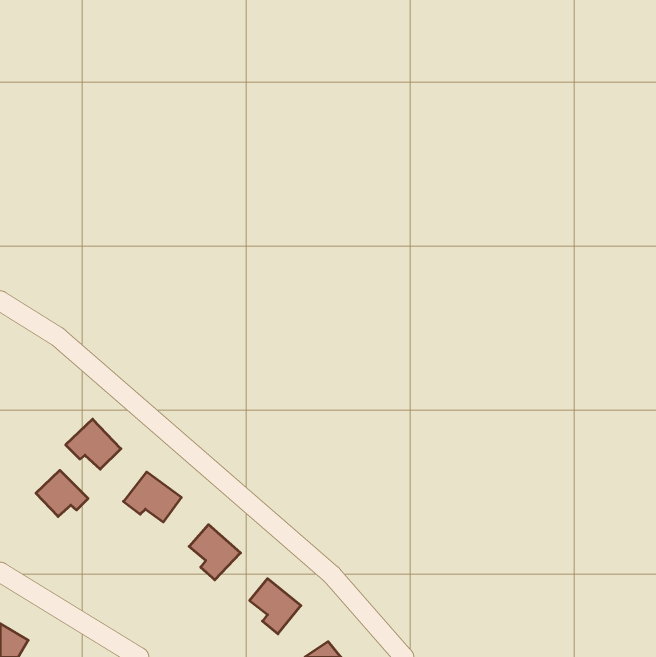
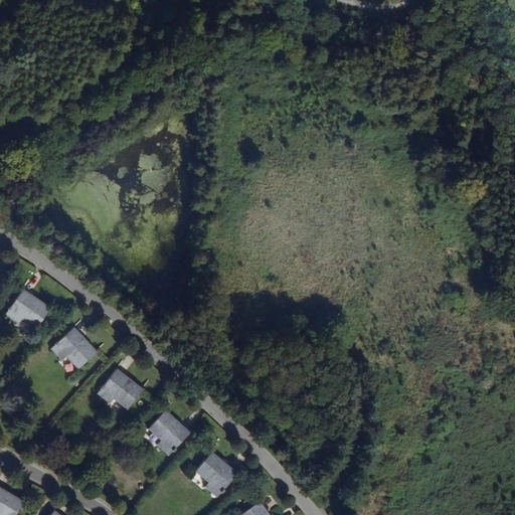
building: none -> [6,290,49,327]
building: [36,470,88,517] -> none

